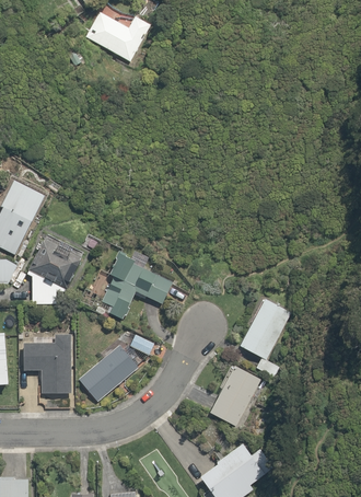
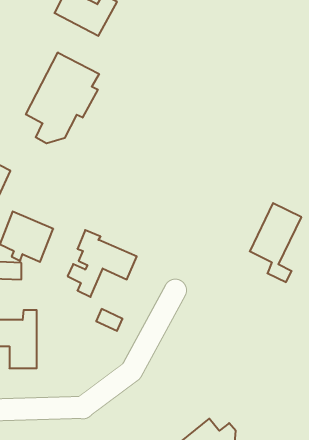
building: none -> [26,52,99,143]
building: [240,297,291,375] -> [250,203,301,282]
building: [78,344,140,402] -> none
building: [210,366,260,426] -> none

